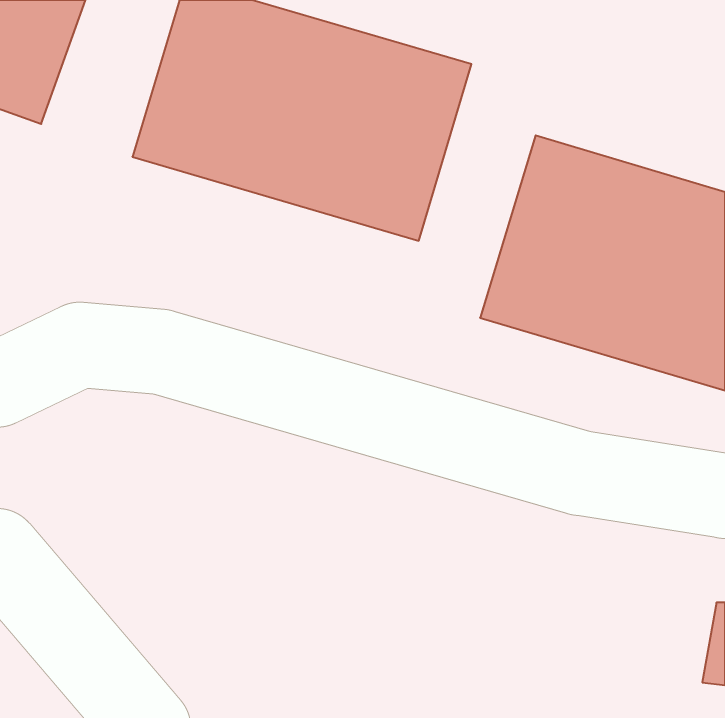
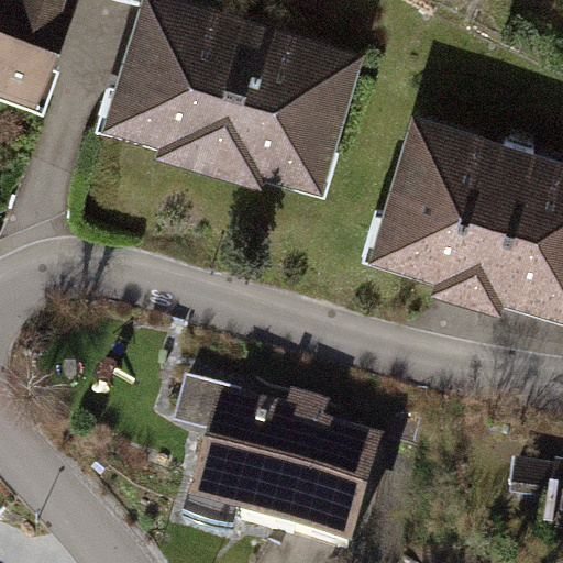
building: none -> [192,399,375,555]

